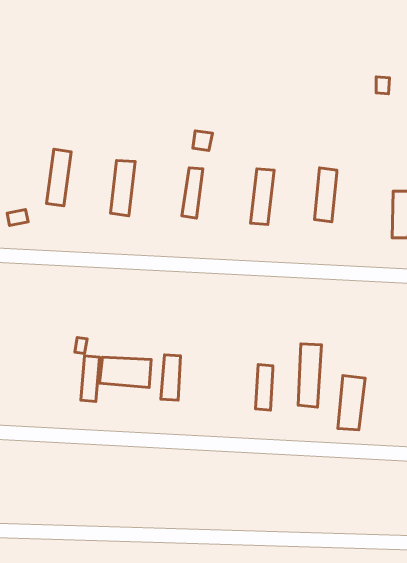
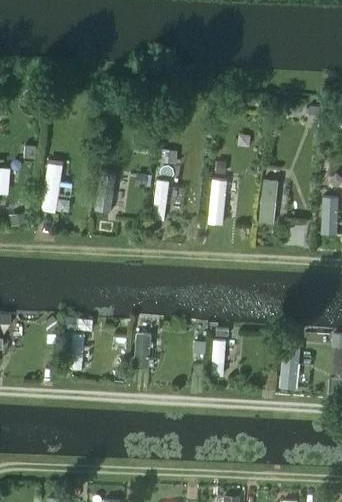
building: [298,344,321,407] -> none
building: [100,357,151,387] -> none

